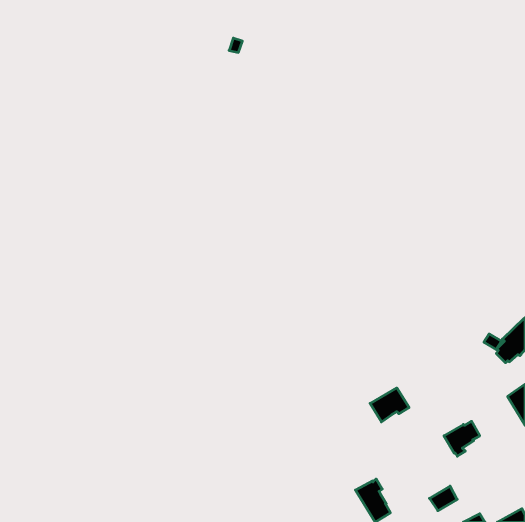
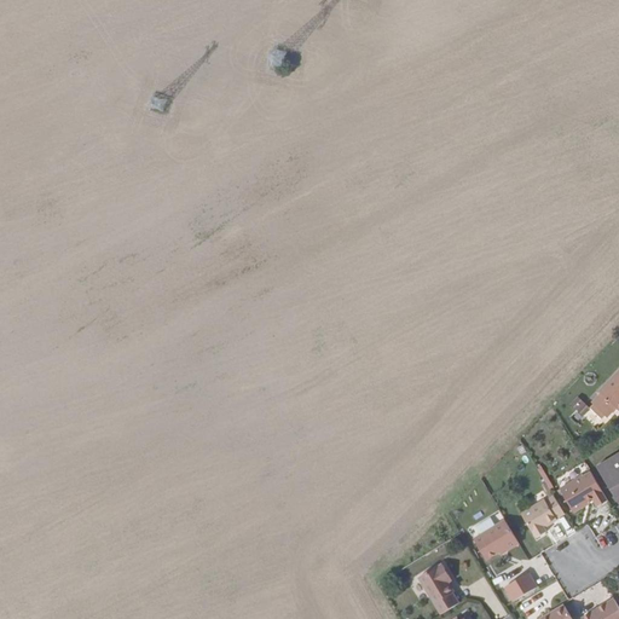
building: [370,388,409,422] -> [474,520,520,560]
building: none -> [561,472,603,511]

